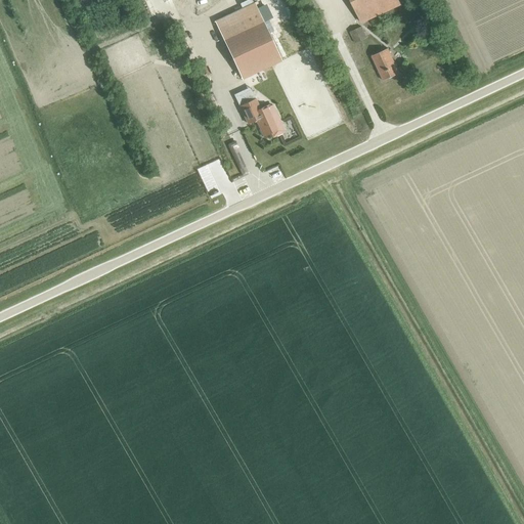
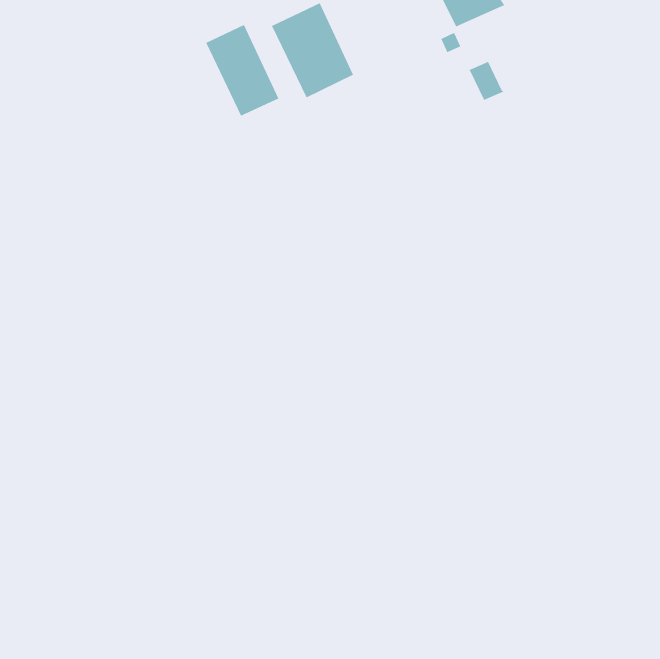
building: none -> [205,24,279,116]
building: [239,98,285,136] -> none

